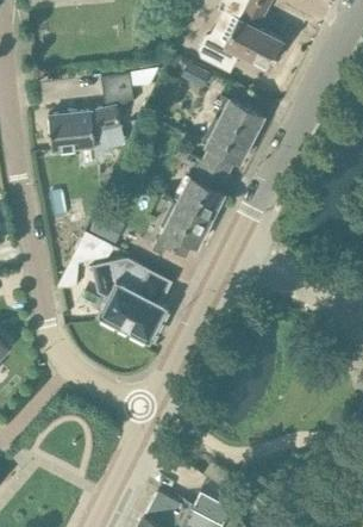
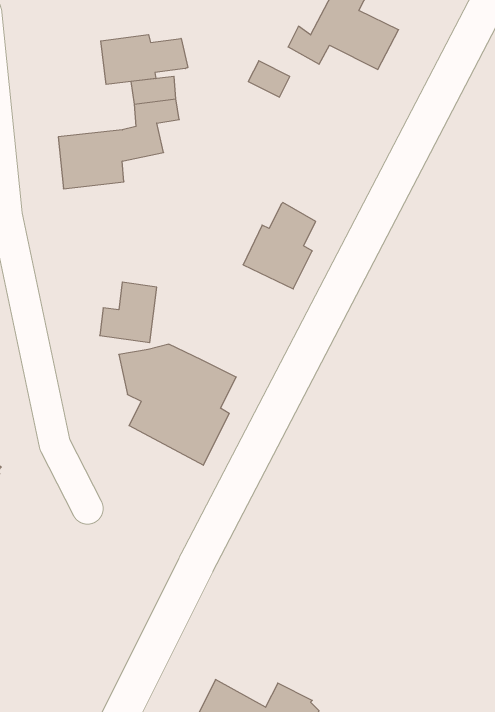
building: none -> [101,35,188,84]
building: [188,97,265,173] -> none
building: [162,203,212,256] -> none

